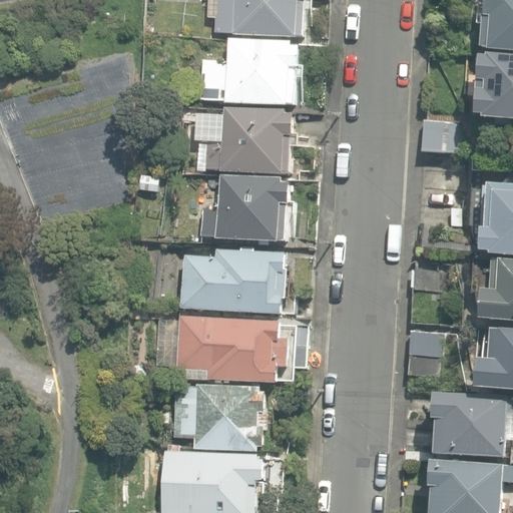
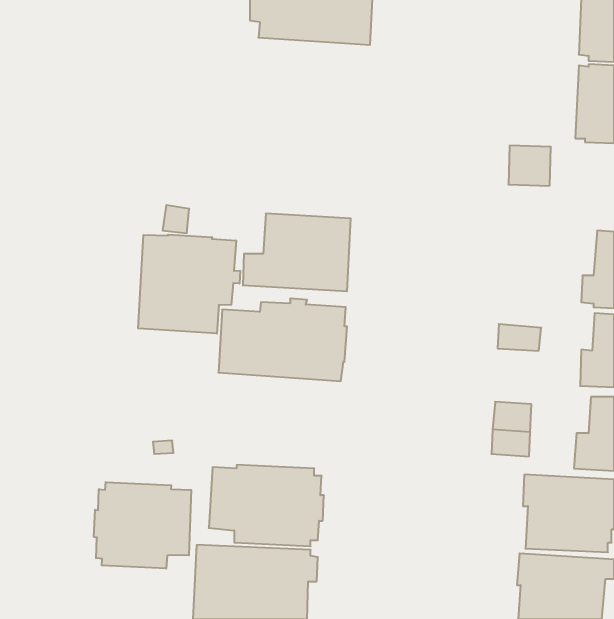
building: [189,39,298,105] -> none
building: [204,107,295,173] -> none
building: none -> [138,235,240,334]
building: [176,316,307,383] -> none
building: none -> [94,482,191,569]

